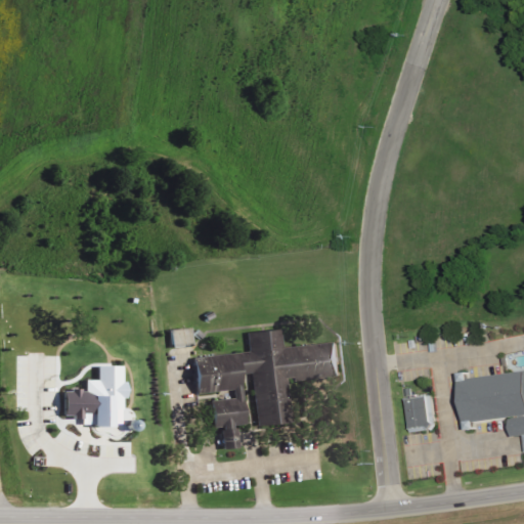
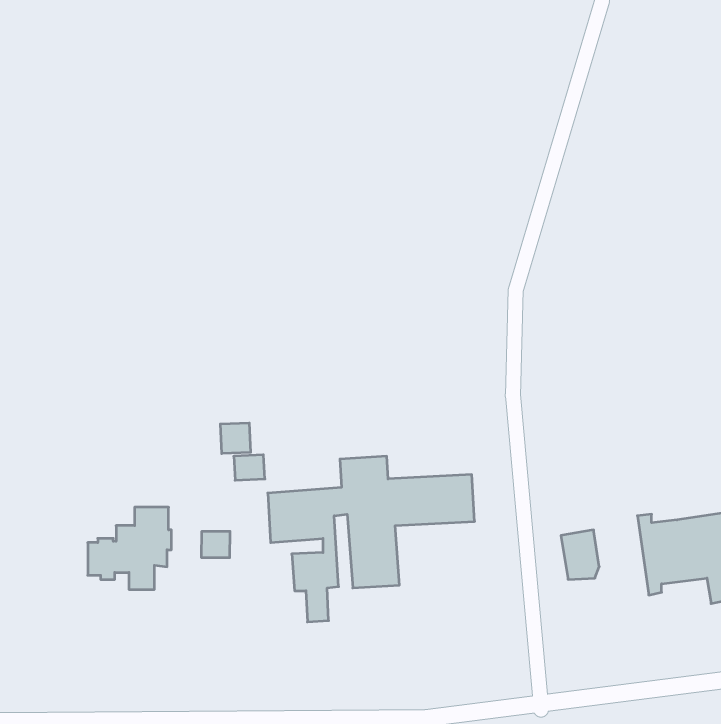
building: none -> [220,423,251,454]
building: none -> [202,531,230,558]

